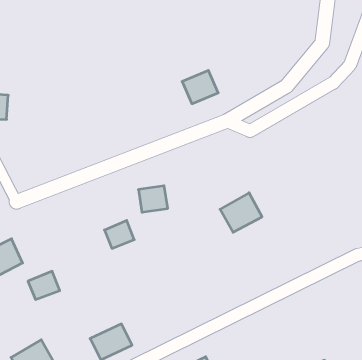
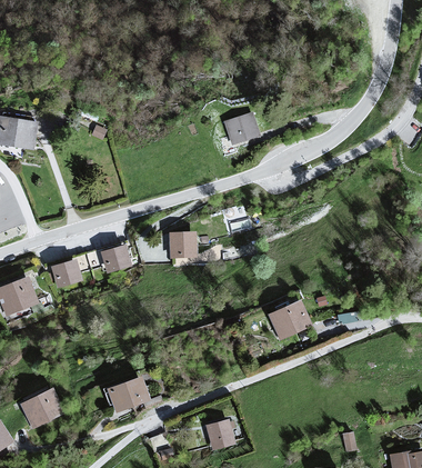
building: [220,193,262,232] -> [268,299,312,340]
building: [104,220,134,248] -> [101,245,132,273]
building: [28,271,60,299] -> [50,260,83,289]

